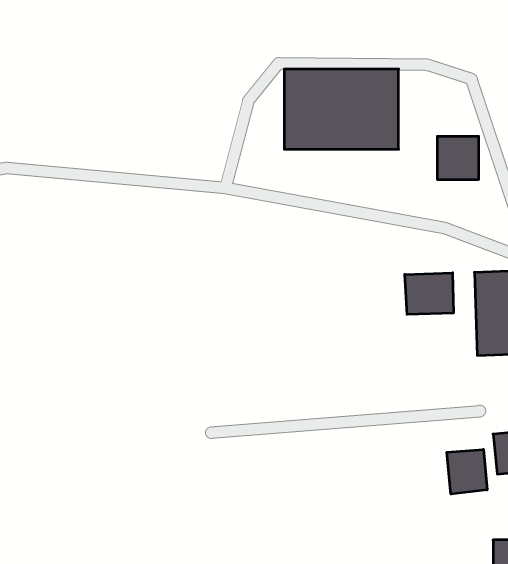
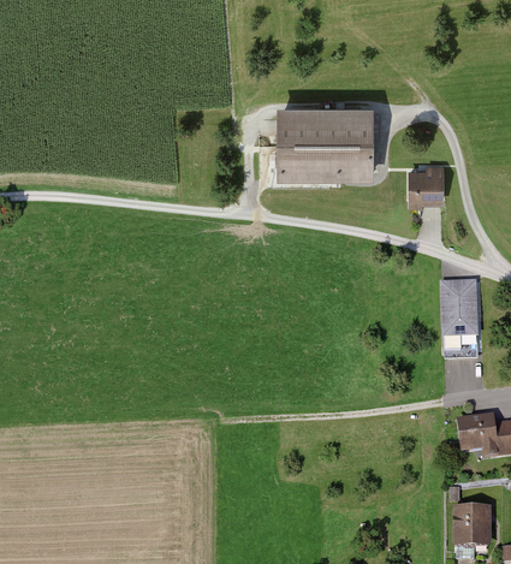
building: [405,273,453,314] -> none
building: [447,449,487,494] -> none

